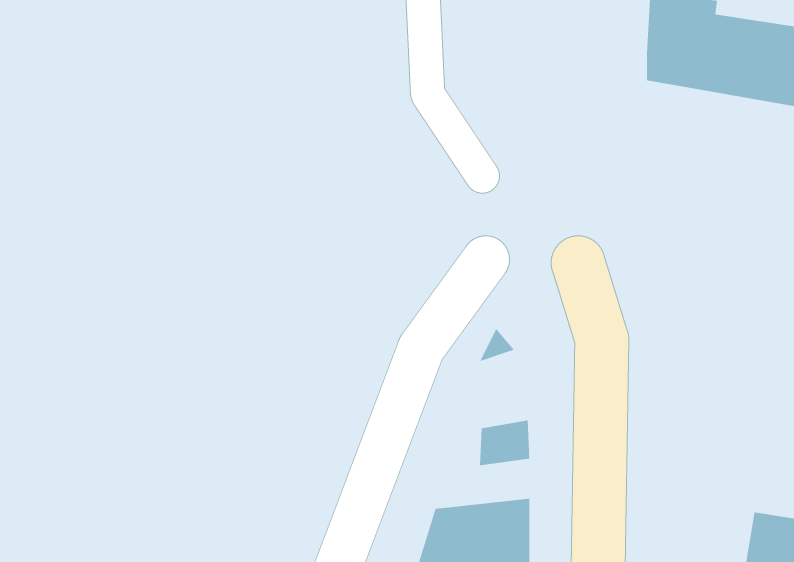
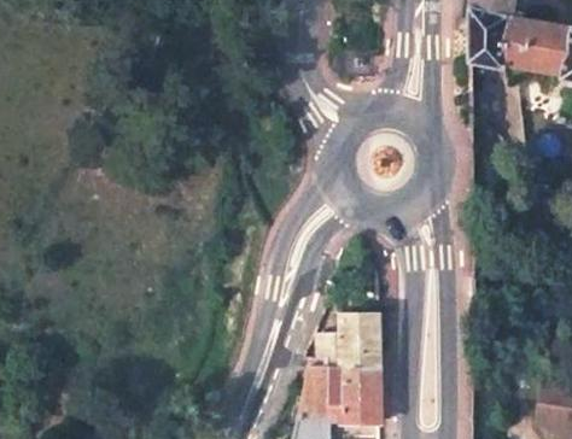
building: none -> [327,336,384,370]

